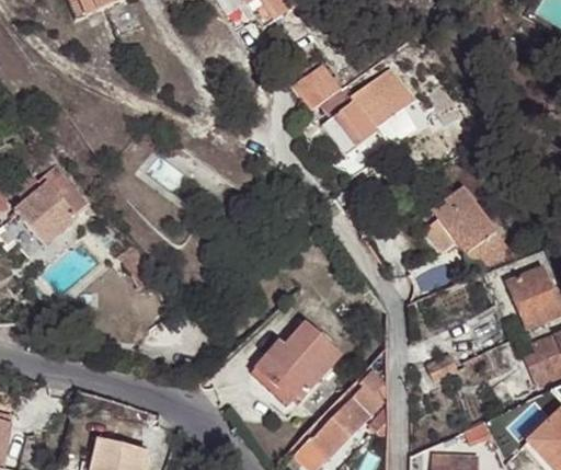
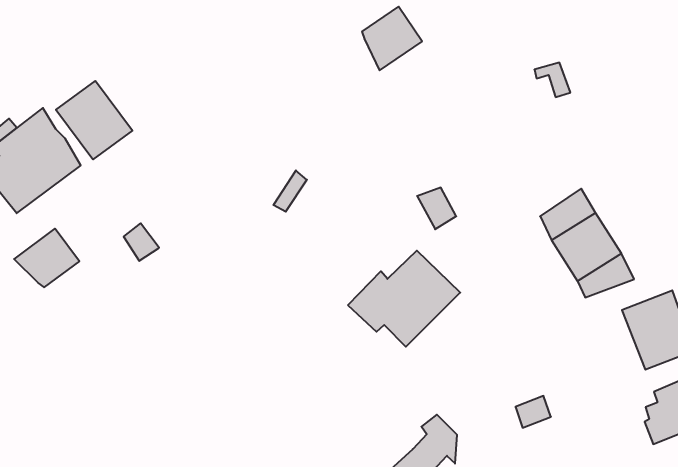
building: [322,62,415,152] -> none
building: none -> [56,81,132,159]
building: none -> [14,229,79,287]
building: [255,322,340,396] -> [348,251,460,347]

